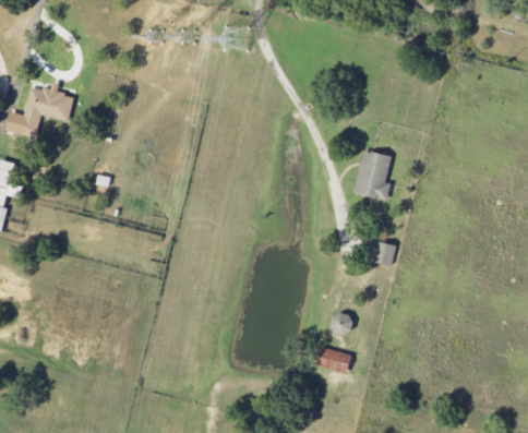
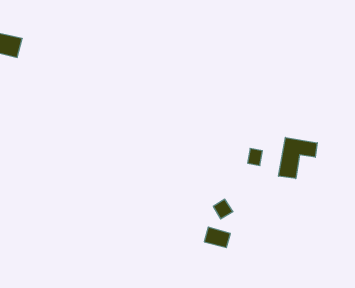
building: [353,151,391,200] -> none
building: none -> [279,137,317,179]

